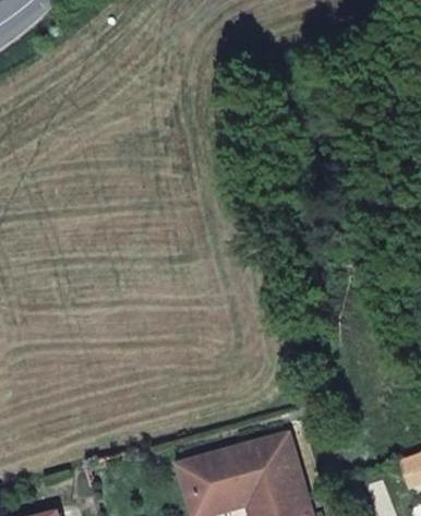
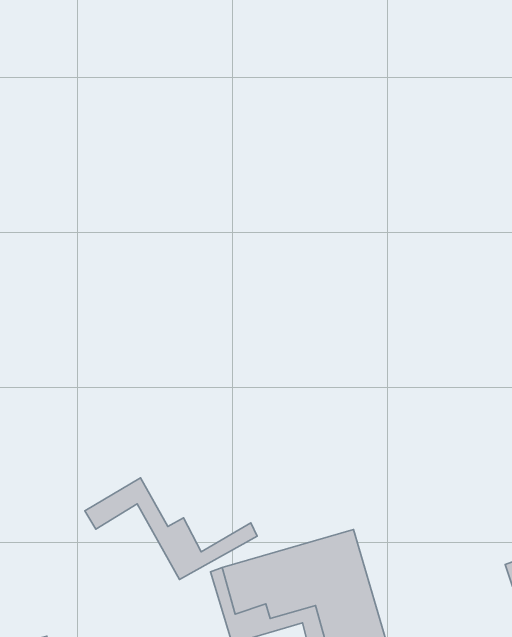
building: none -> [85,478,257,579]

